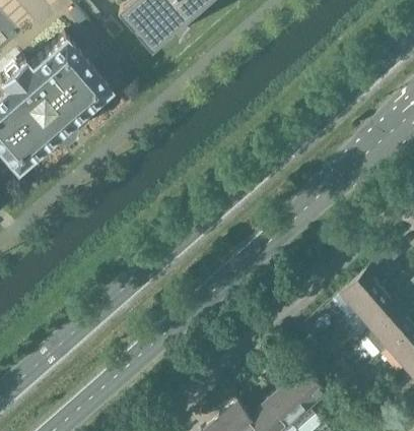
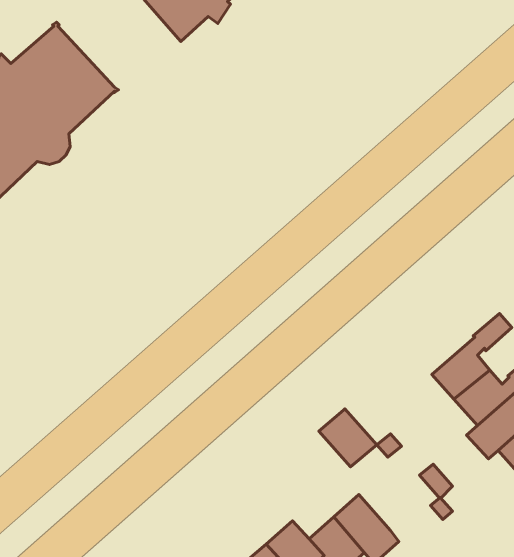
building: [285,366,328,409] -> [319,409,377,467]

